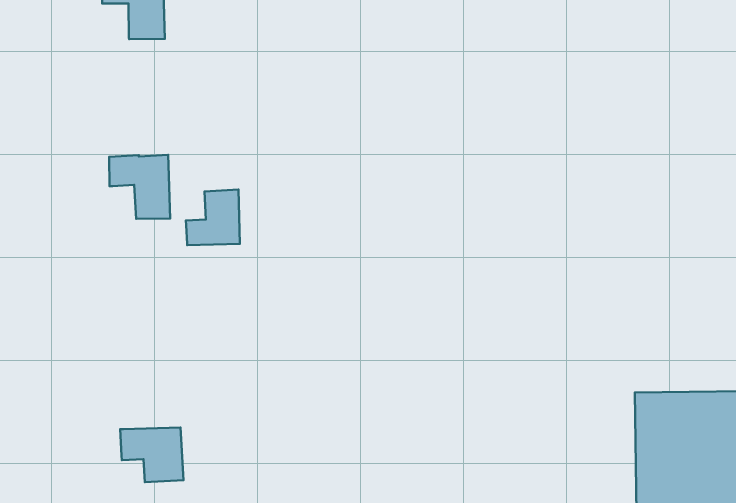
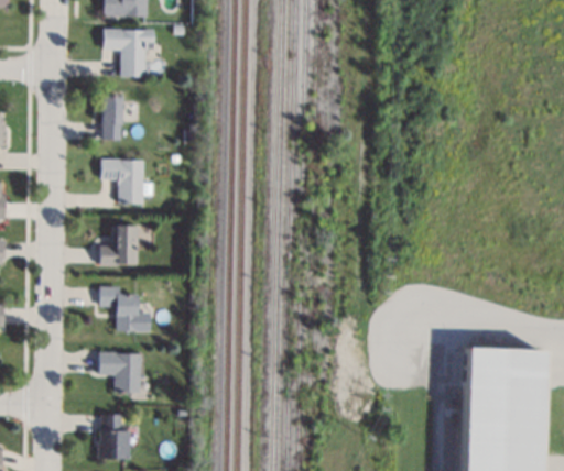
building: none -> [102,96,124,140]
building: [186,190,240,245] -> [101,226,140,264]
building: none -> [100,286,152,330]

